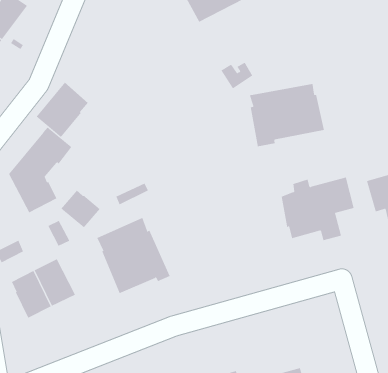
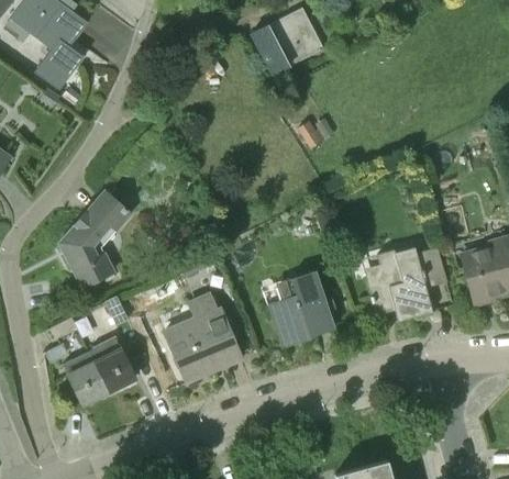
building: [36,82,89,138] -> none
building: [249,83,325,147] -> none
building: [60,190,101,228] -> none
building: none -> [268,270,334,349]

